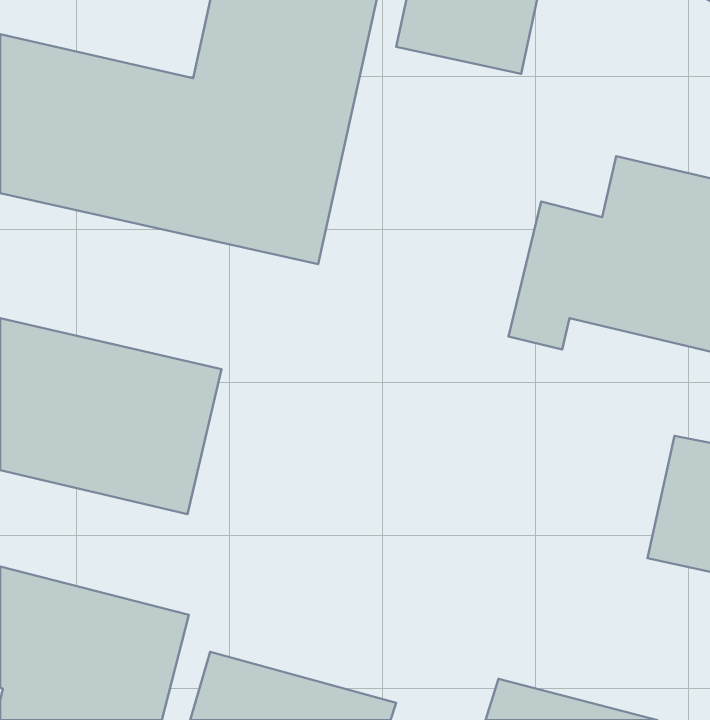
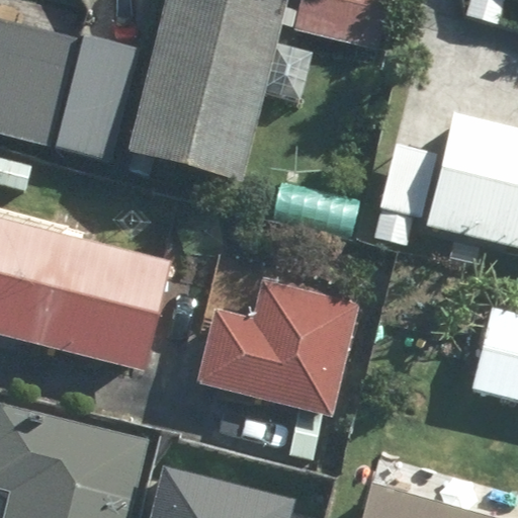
building: none -> [195,279,359,417]

